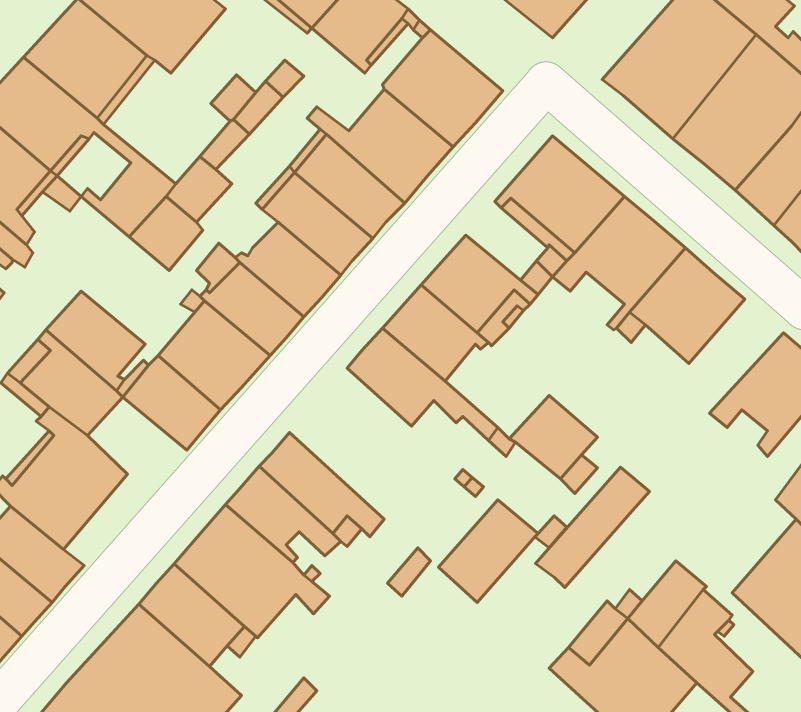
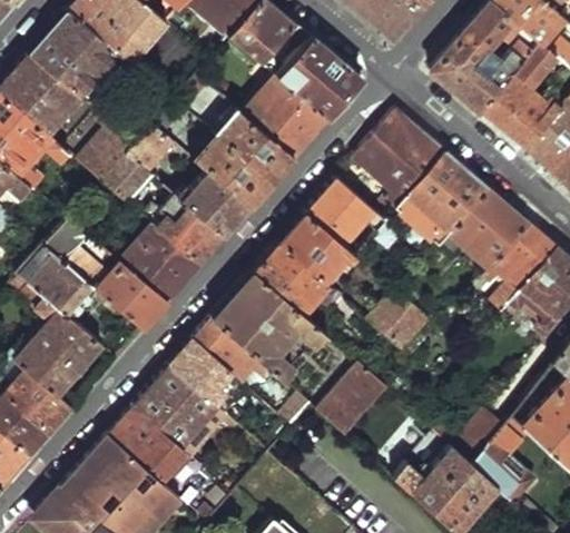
building: none -> [475,224,557,308]
building: none -> [214,272,323,379]
building: [536,467,650,588] -> none

